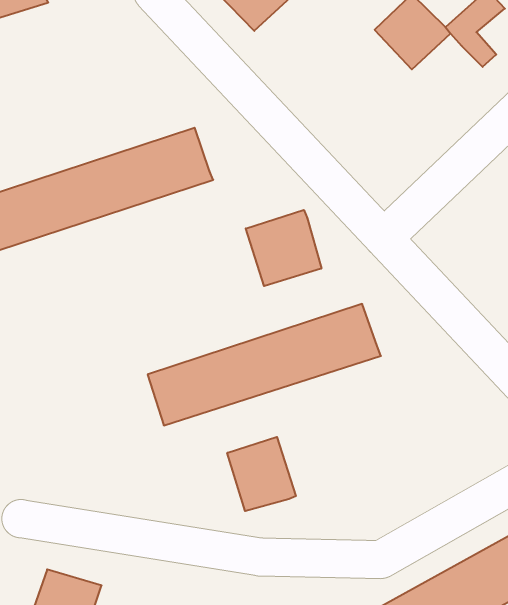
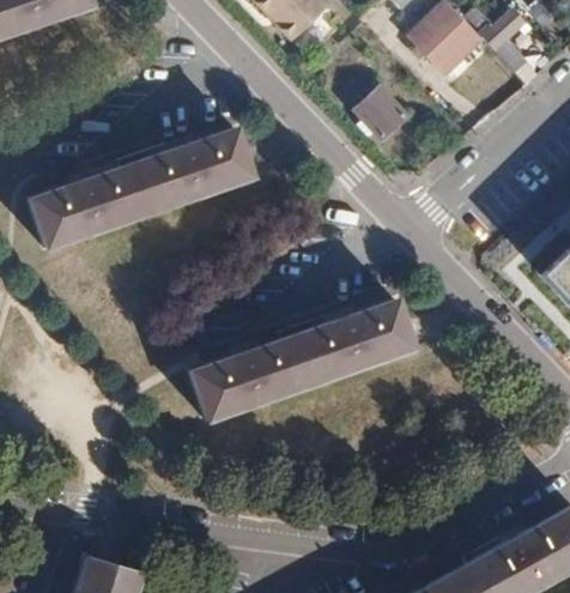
building: none -> [357,91,406,140]
building: [246,210,321,286] -> none
building: [227,437,296,511] -> none

